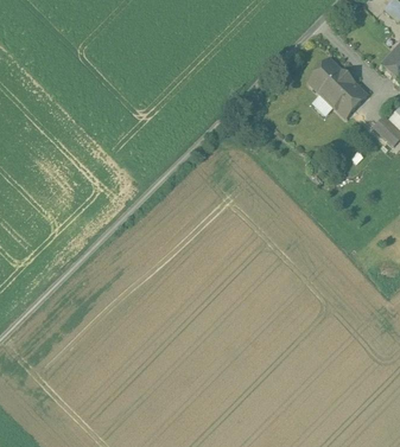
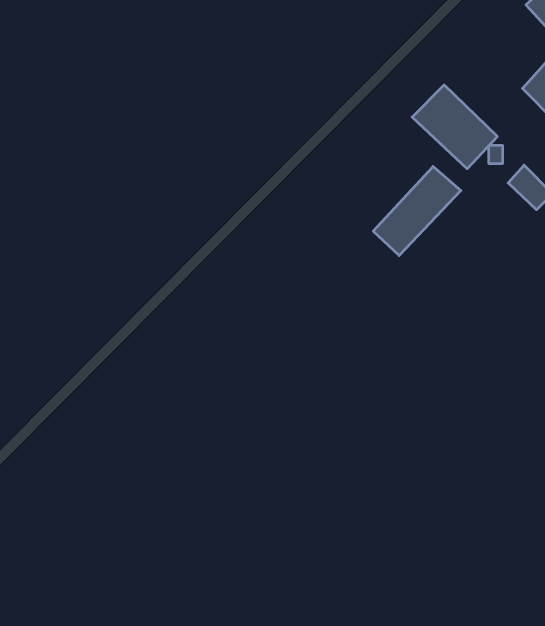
building: none -> [373,166,461,256]

